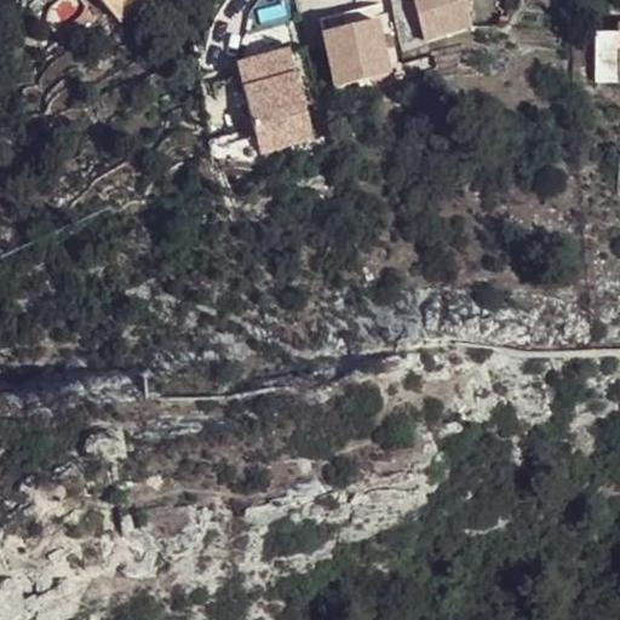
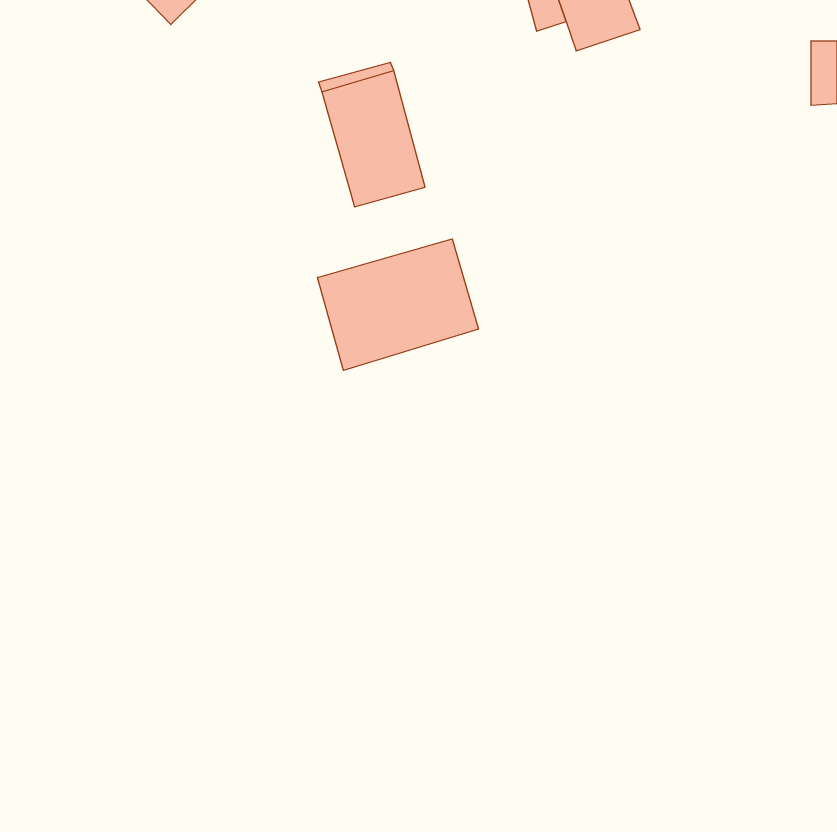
building: [320,5,389,85] -> none
building: none -> [318,239,479,370]

